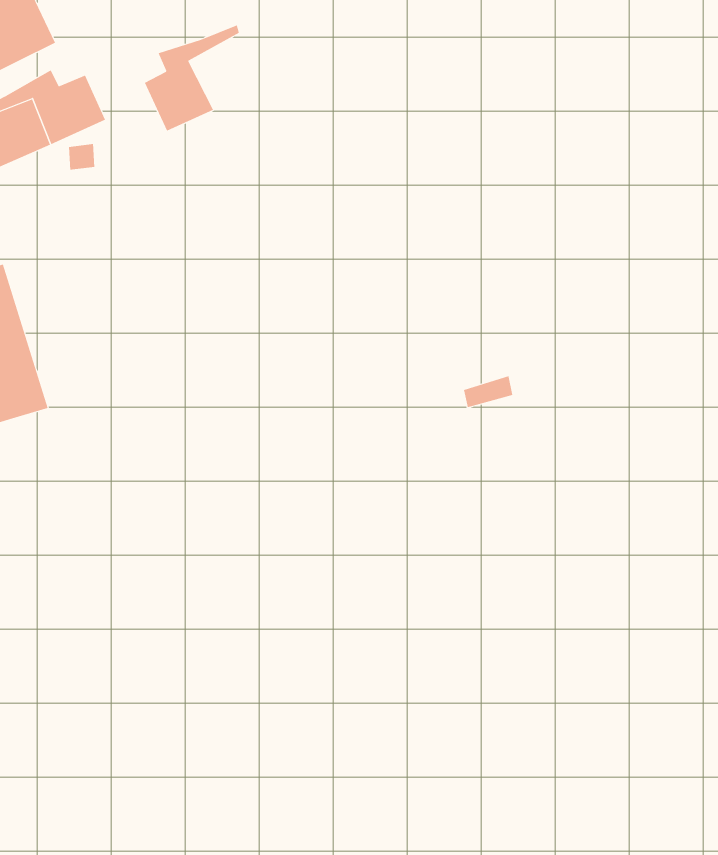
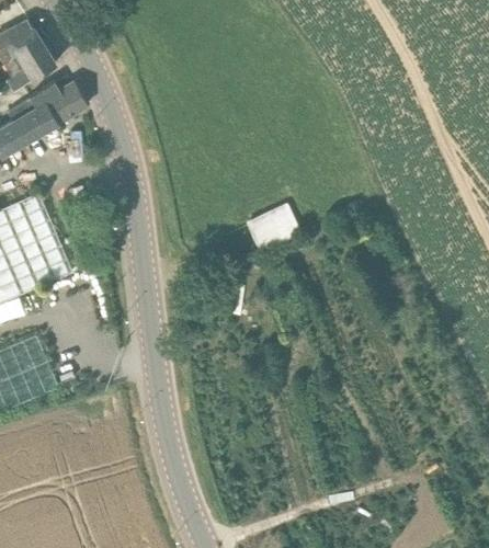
building: [144,25,239,132] -> none
building: none -> [249,207,300,253]

